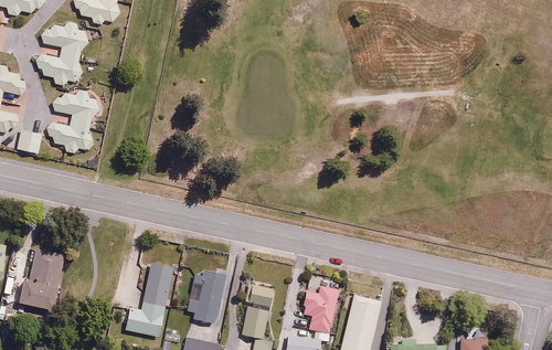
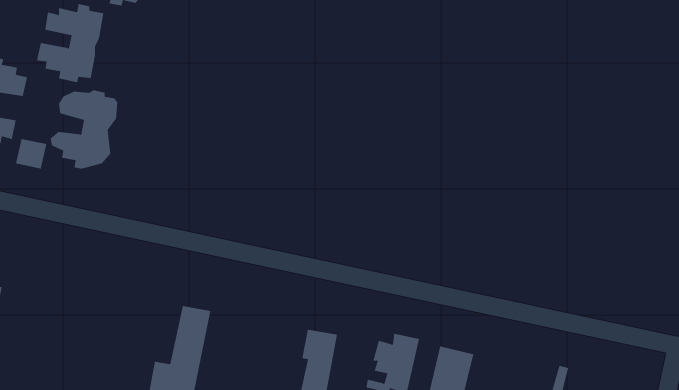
building: [19,248,63,309] -> none
building: [185,269,224,324] -> none

